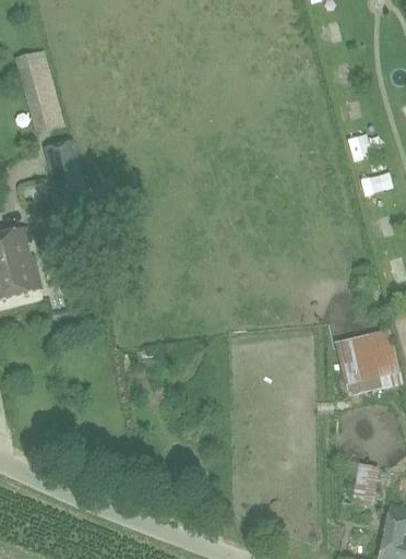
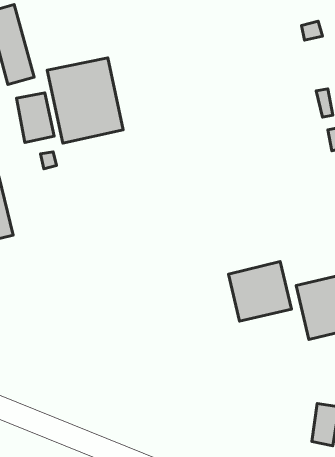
building: none -> [47,58,123,143]
building: none -> [229,262,291,321]

